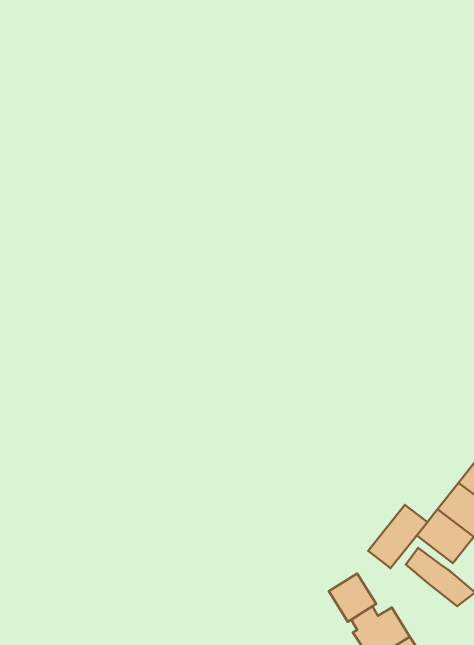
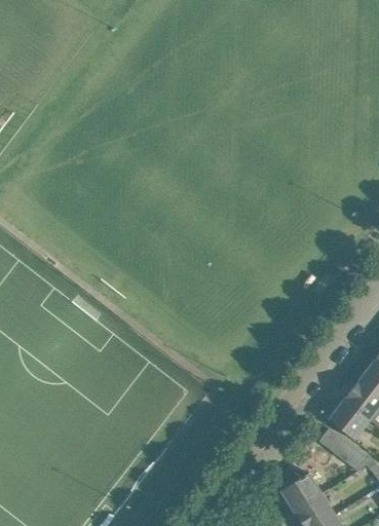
building: [368,505,427,568] -> none
building: [329,573,376,622] -> none

